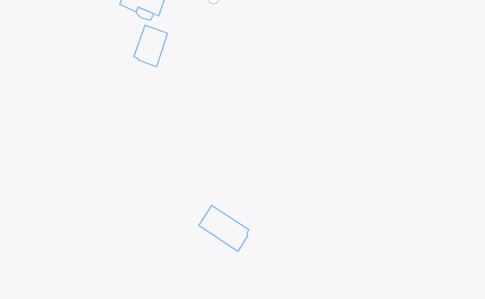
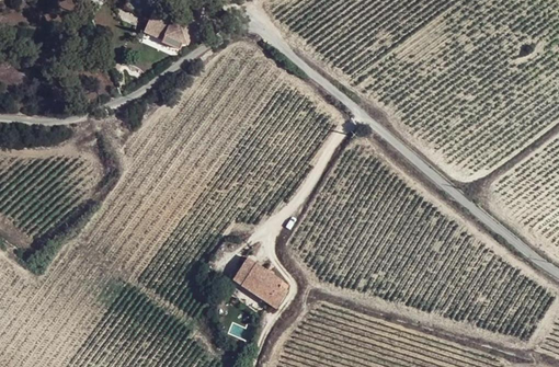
building: [134,25,168,67] -> none

